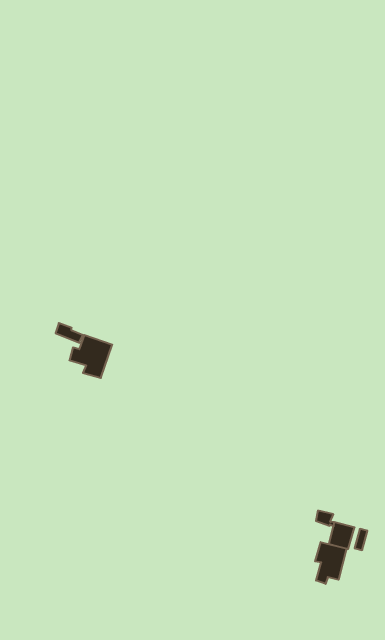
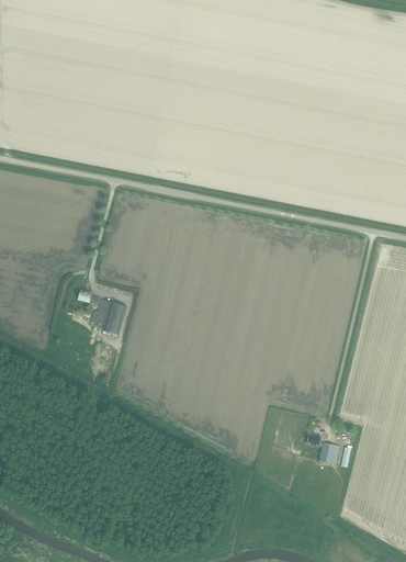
building: [315,542,346,584] -> none

